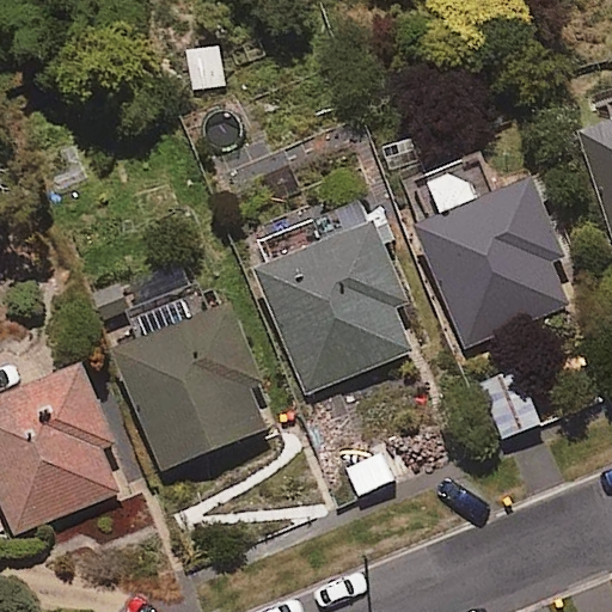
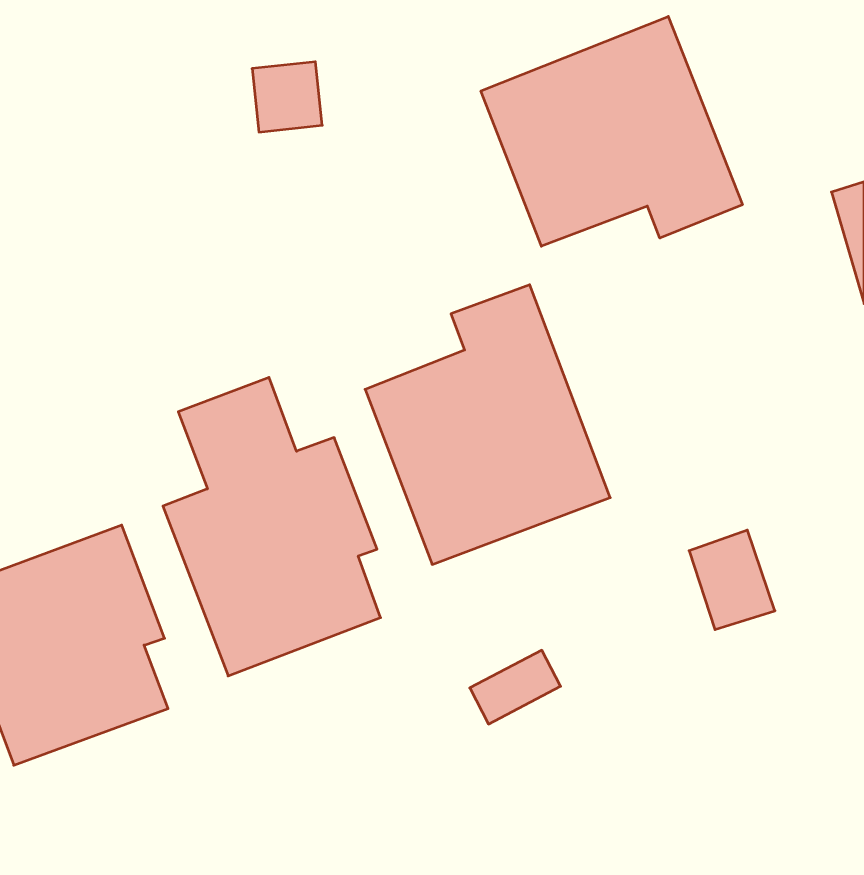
building: none -> [481,16,742,246]
building: [420,175,583,348] -> none

